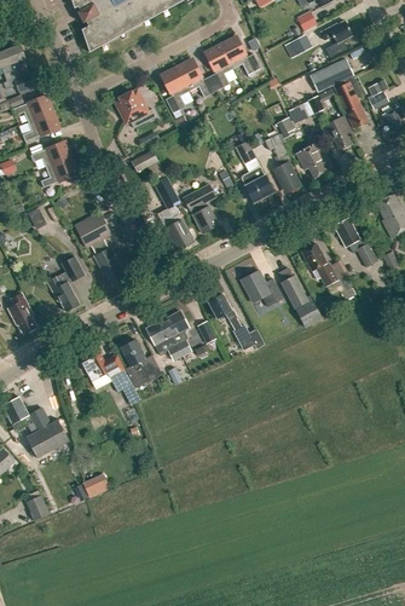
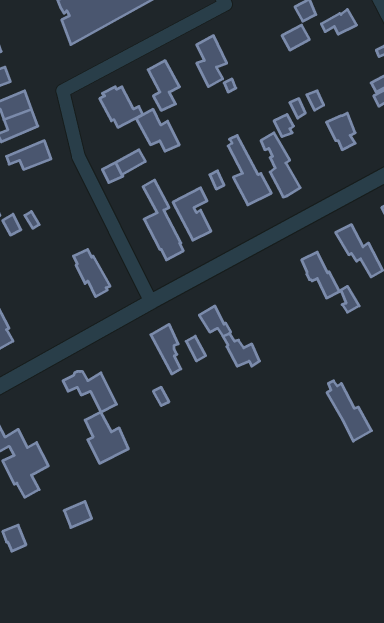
building: [221,36,261,74] -> none
building: [177,58,216,97] -> [136,109,179,151]
building: [311,58,368,127] -> none
building: [296,143,326,178] -> none
building: [41,157,77,187] -> none
building: [75,212,111,247] -> none
building: [47,255,85,310] -> none
building: [241,270,283,306] -> none
building: [280,271,322,327] -> [327,381,372,441]
building: [146,319,183,359] -> none
building: [121,339,161,386] -> [85,412,128,463]

